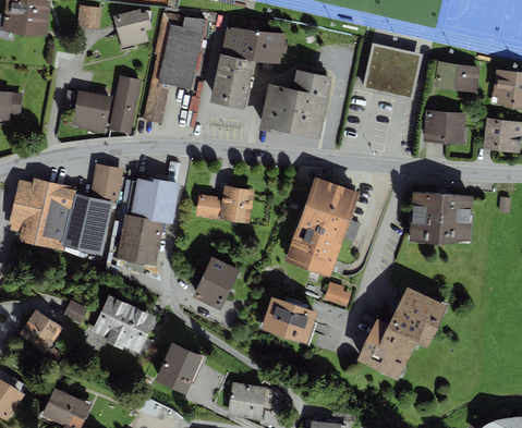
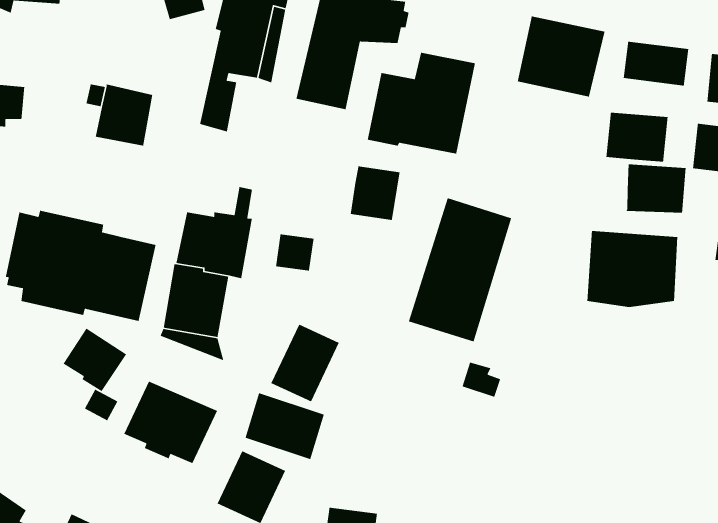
building: [108,75,142,134] -> none
building: none -> [626,164,687,214]
building: [89,163,123,201] -> none
building: [219,185,254,223] -> [350,166,400,221]
building: [356,286,447,381] -> none
building: [262,297,317,344] -> [244,392,325,460]
building: [19,309,63,354] -> [62,327,127,392]

